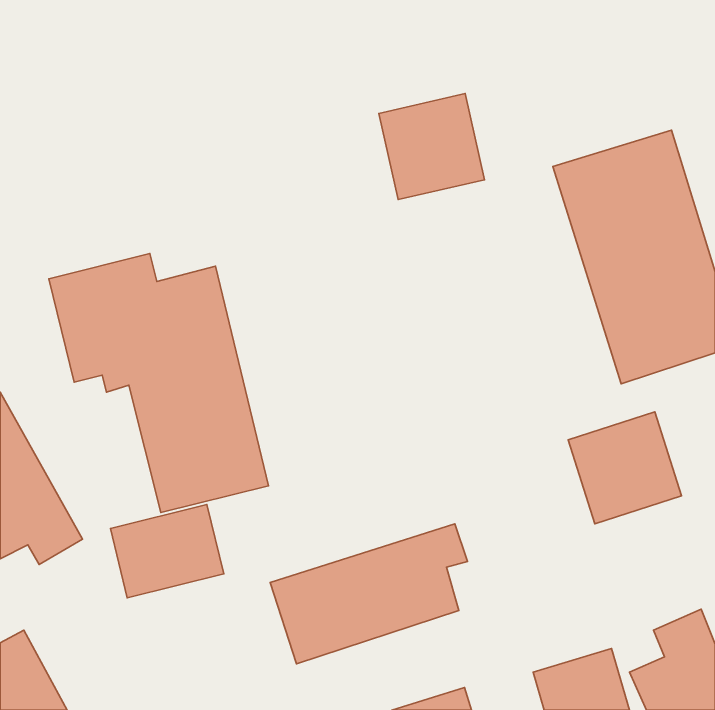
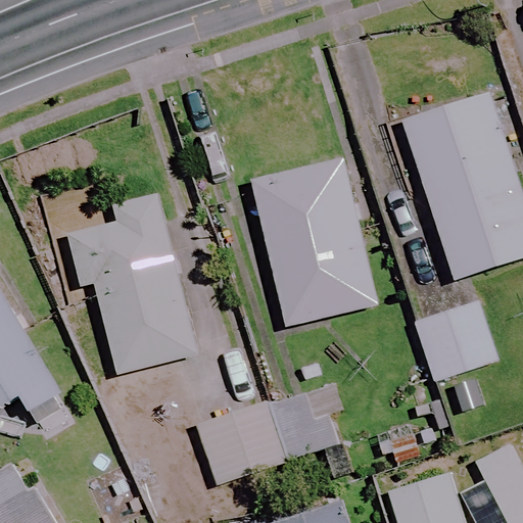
building: [379,93,484,200] -> none
building: none -> [253,160,375,325]
building: [110,504,224,598] -> none

